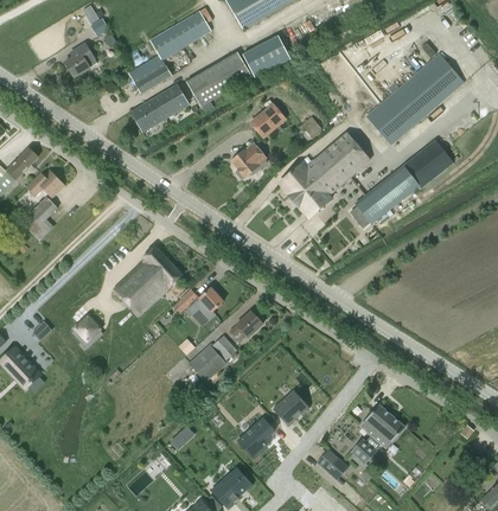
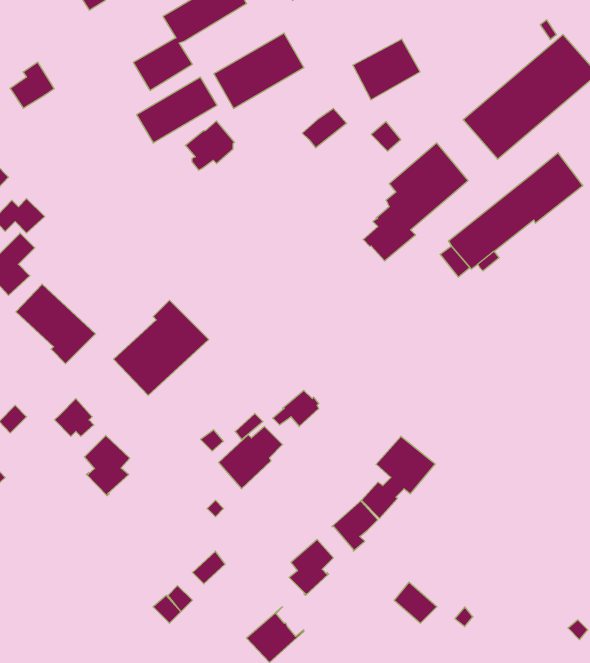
building: [241,34,289,78] -> [353,39,420,100]
building: [64,43,96,76] -> [10,62,54,108]
building: [230,141,266,177] -> [185,121,235,170]
building: [280,160,318,200] -> none
building: none -> [16,284,96,364]
building: [173,286,223,320] -> none
building: none -> [84,435,130,496]
building: [350,404,403,464] -> [361,436,435,518]

